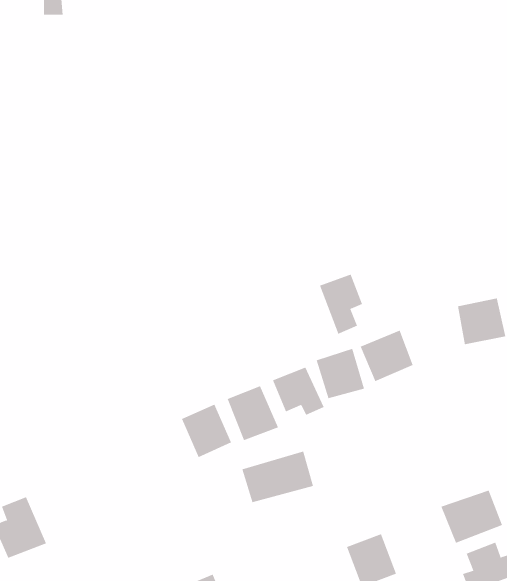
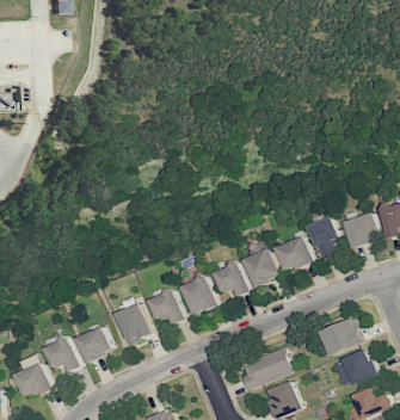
building: [319,274,363,334] -> [307,217,338,260]
building: none -> [116,303,152,344]
building: none -> [320,319,363,356]
building: [242,451,314,503] -> [240,350,291,387]
building: none -> [75,327,113,363]
building: none -> [44,336,81,372]

